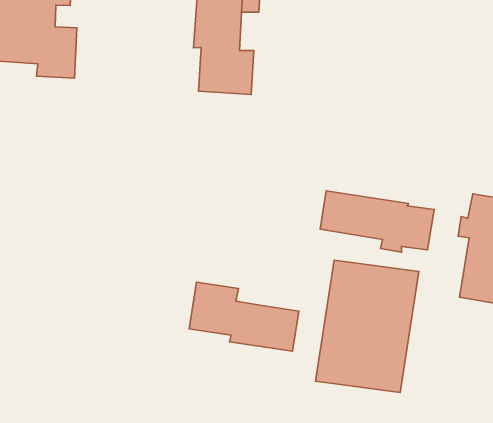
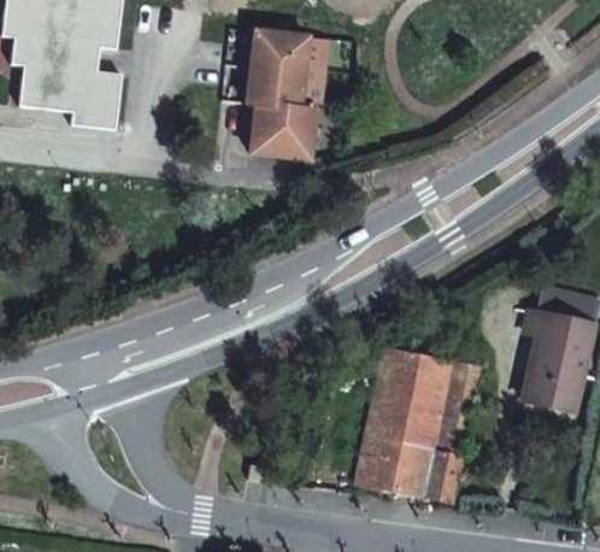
building: [320,191,434,252] -> none
building: [189,282,299,351] -> none

